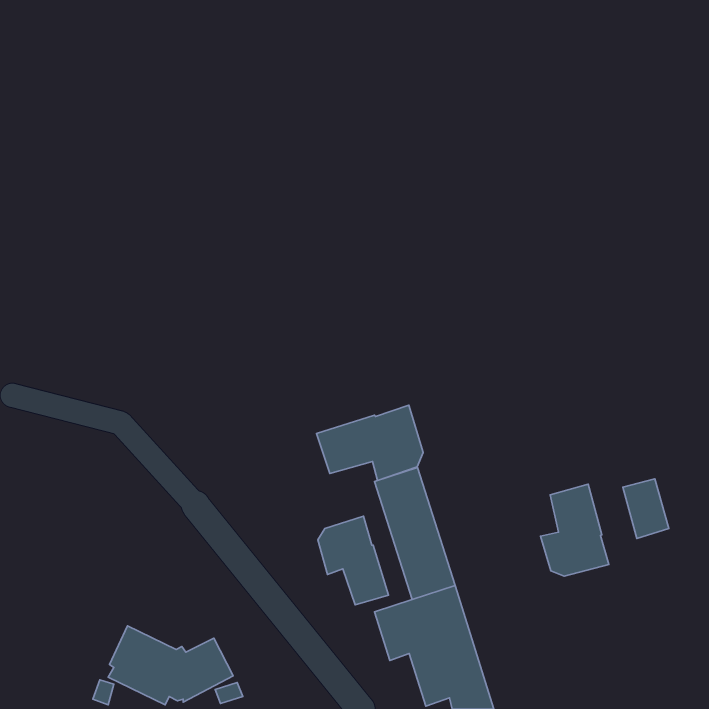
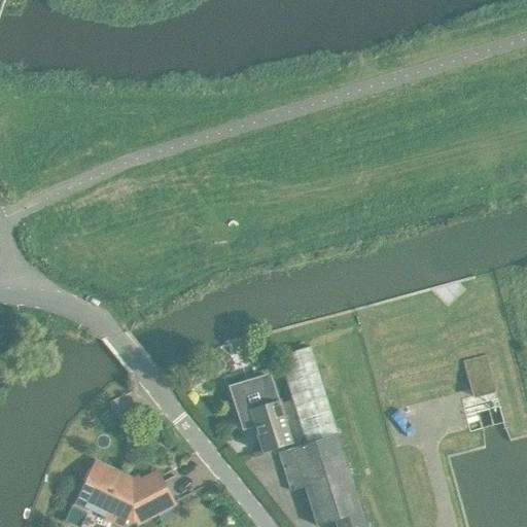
building: [317,405,423,480] -> none
building: [541,484,609,576] -> none

